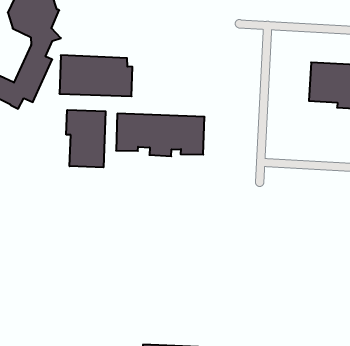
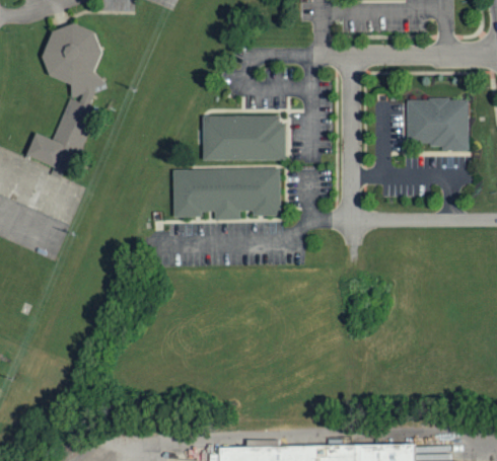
building: [59,55,132,96] -> [202,113,290,161]
building: [66,110,106,167] -> none

